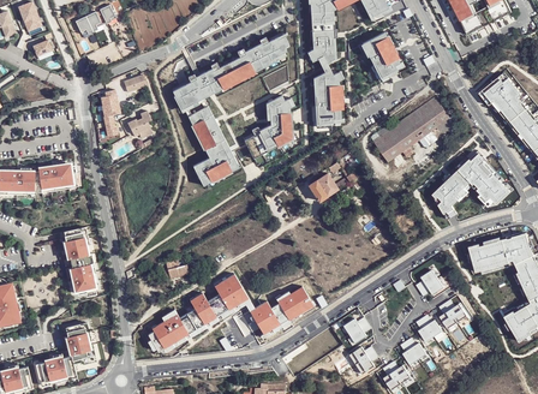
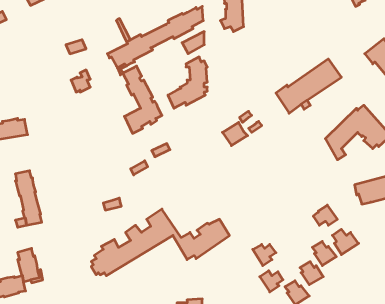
building: [361,32,400,77] -> none
building: [315,70,341,124] -> none
building: [98,88,119,136] -> none

